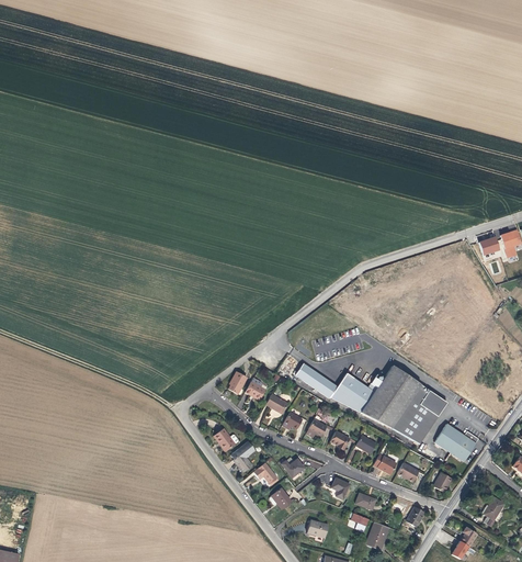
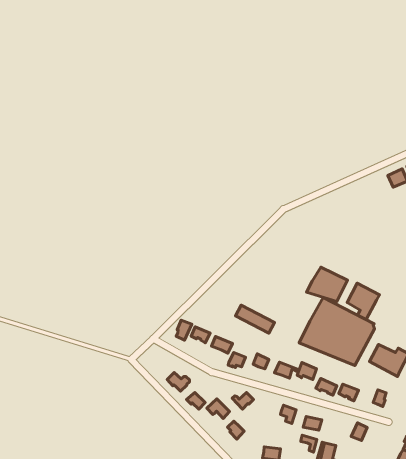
building: none -> [347,283,380,320]
building: [329,372,375,412] -> [306,267,348,302]

